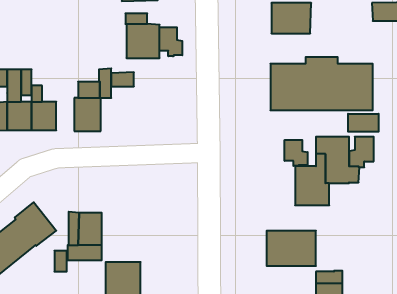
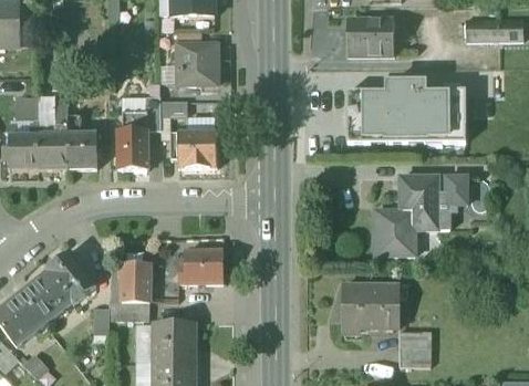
building: [160,27,182,56] -> none
building: none -> [176,131,217,167]
building: [348,114,379,132] -> none
building: [285,140,308,166] -> none
building: none -> [178,249,224,283]

